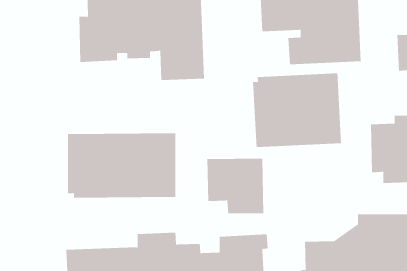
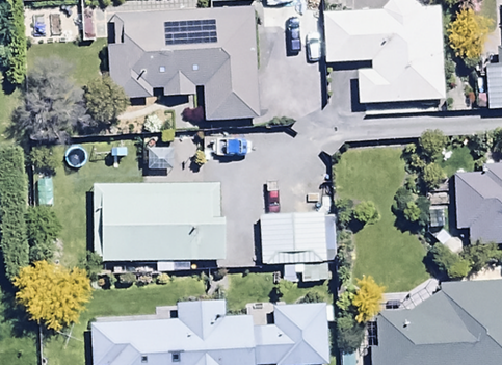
building: [253,73,342,148] -> none

